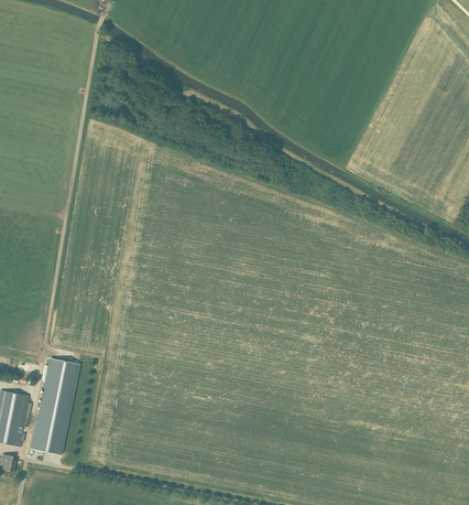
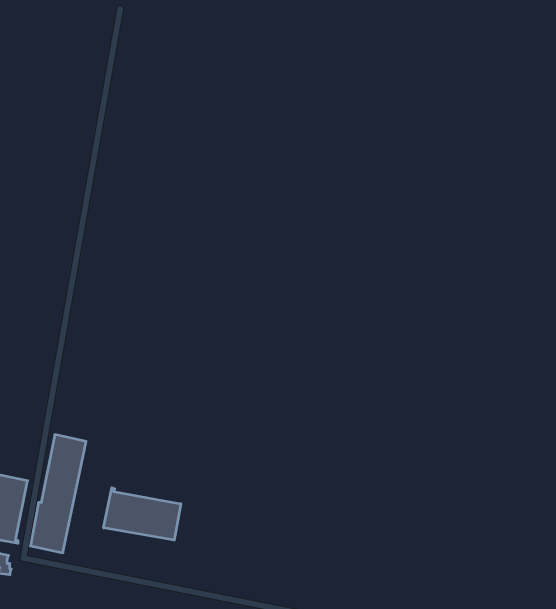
building: none -> [104,488,181,540]

